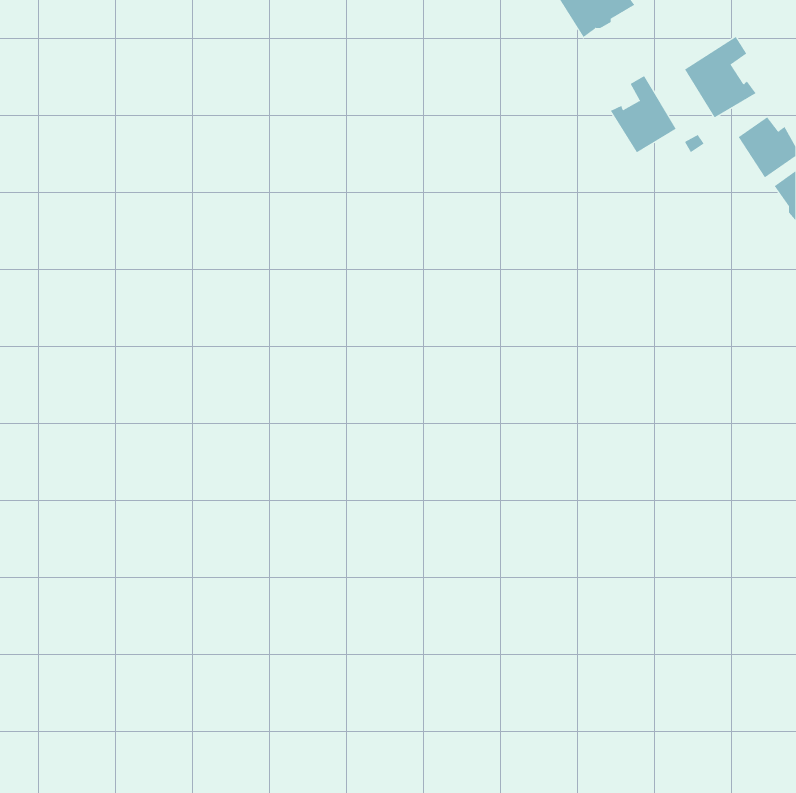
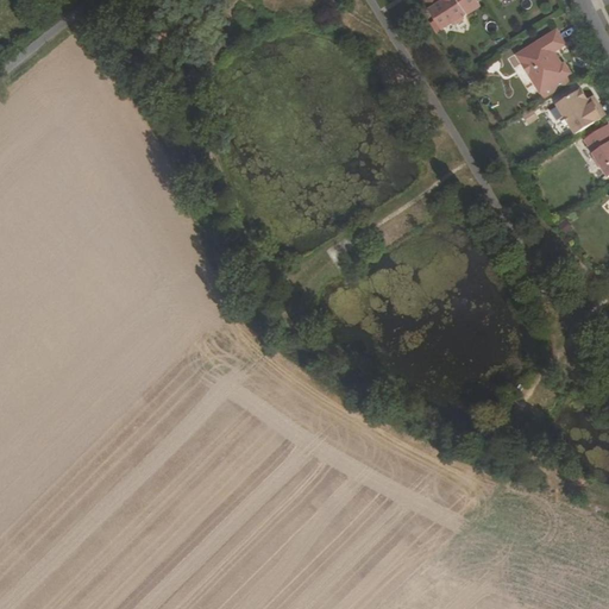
building: [610,75,676,153] -> none

